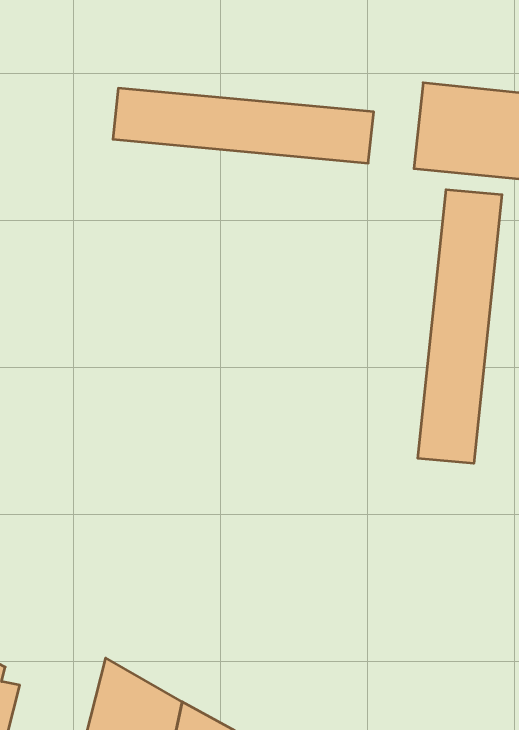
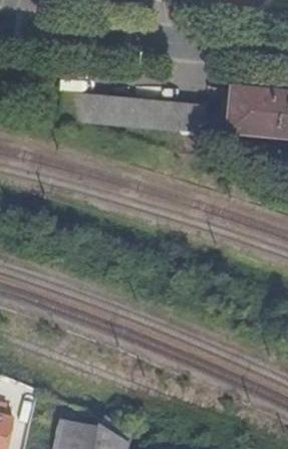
building: [418,190,502,463] -> none

